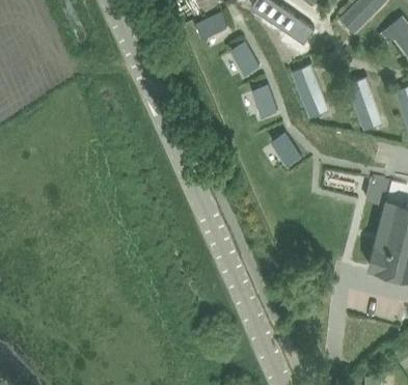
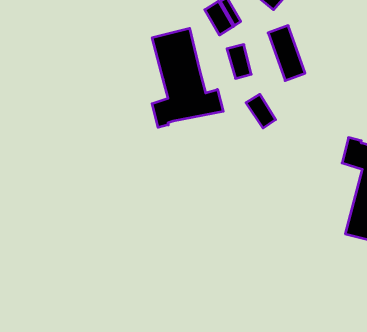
building: none -> [152,28,223,127]
building: [347,78,383,132] -> none

